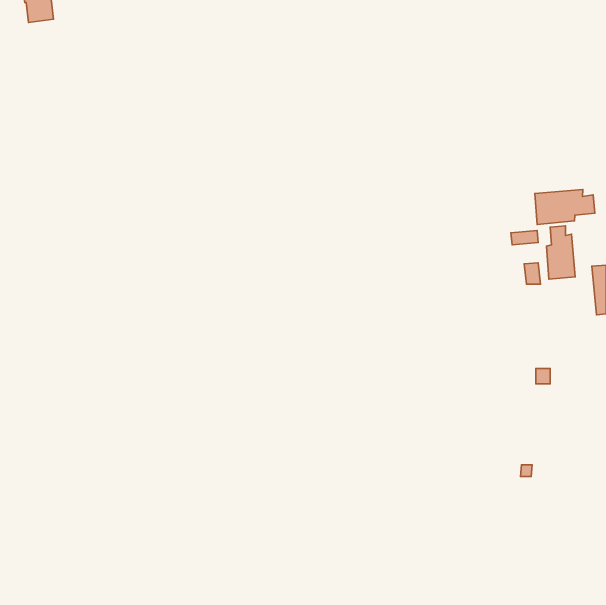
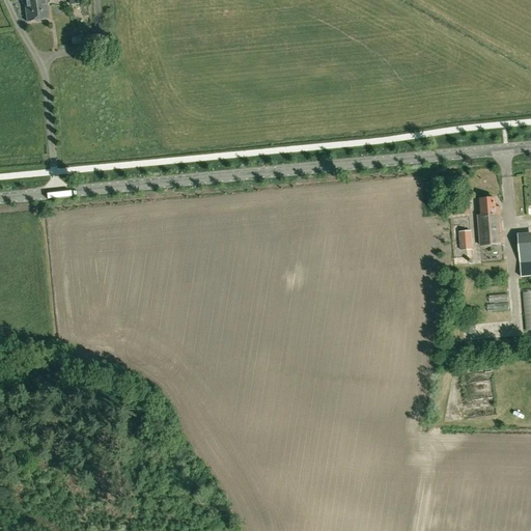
building: [535,189,595,225] -> none

